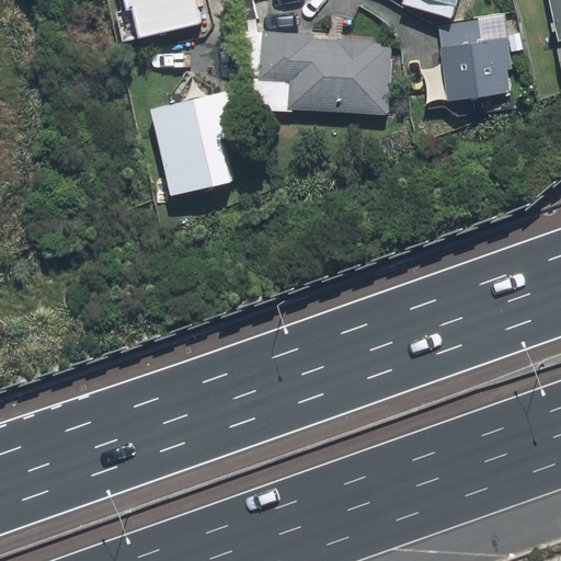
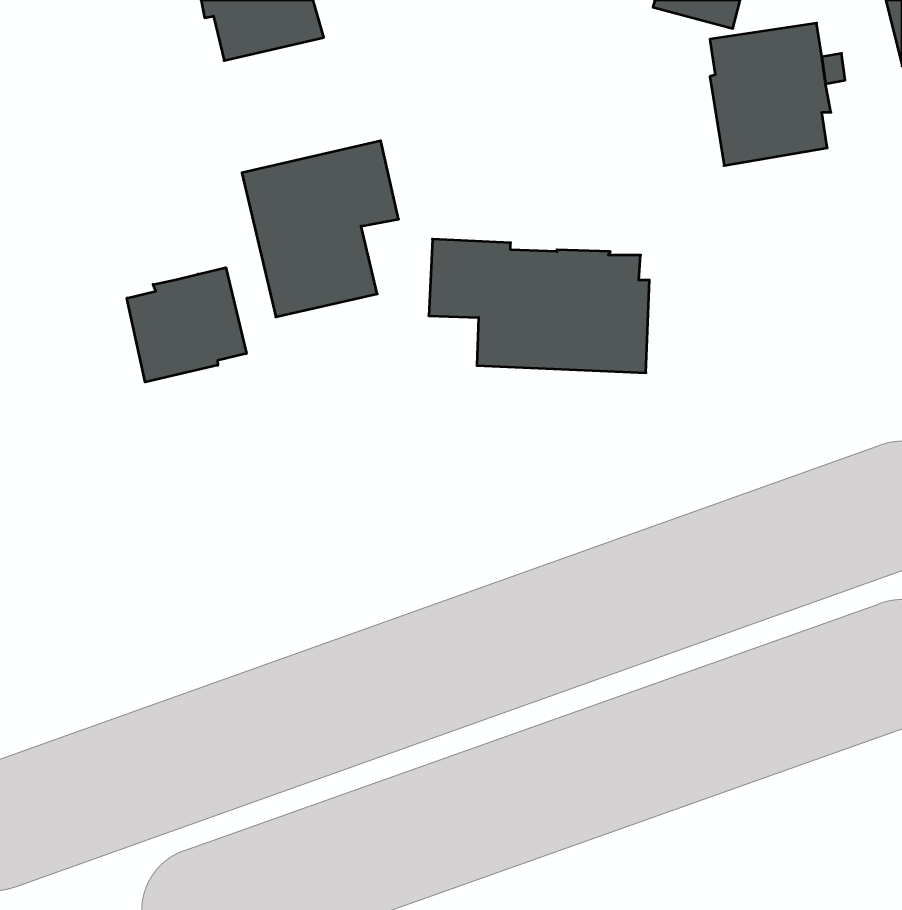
building: [259,33,394,115] -> [429,239,649,373]
building: none -> [127,268,246,382]

